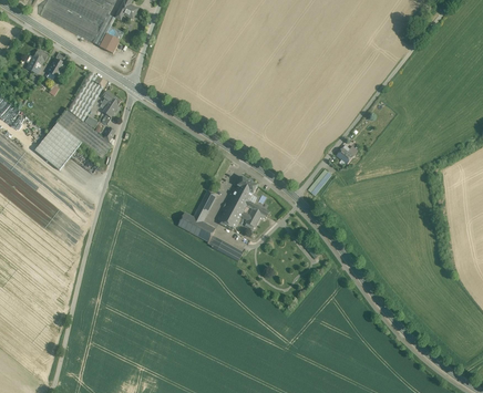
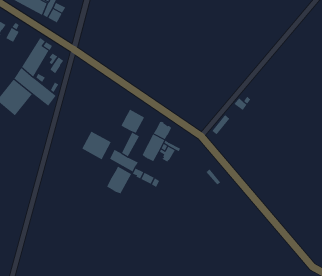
building: none -> [121,109,145,134]
building: none -> [81,131,112,160]
building: none -> [106,166,132,195]

